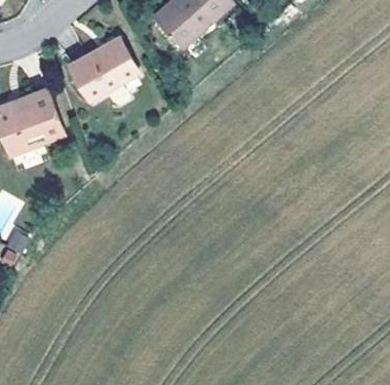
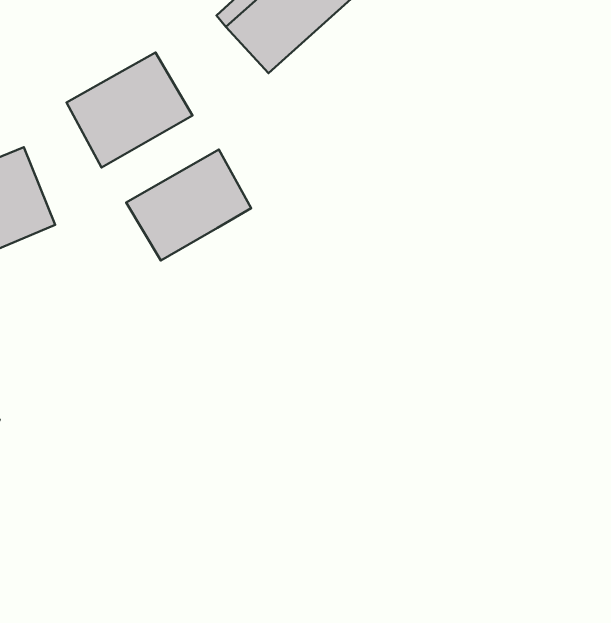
building: none -> [126,150,251,260]

